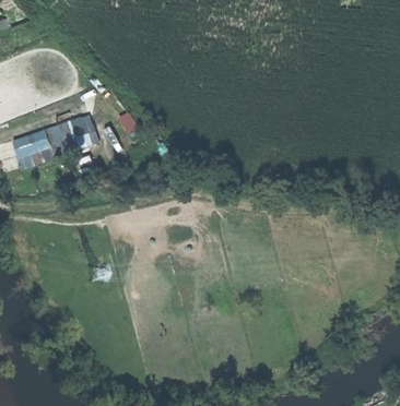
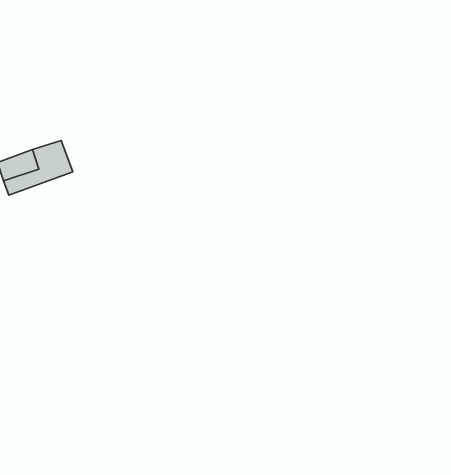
building: [68,115,99,148] -> none

